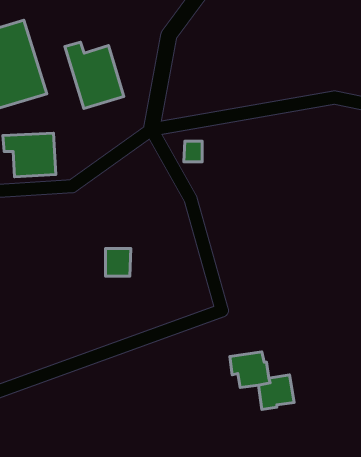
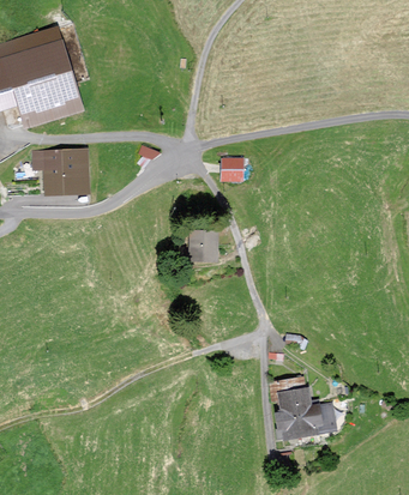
building: [65,42,124,108] -> none
building: [106,248,131,276] -> [191,231,217,260]
building: none -> [276,411,303,439]

